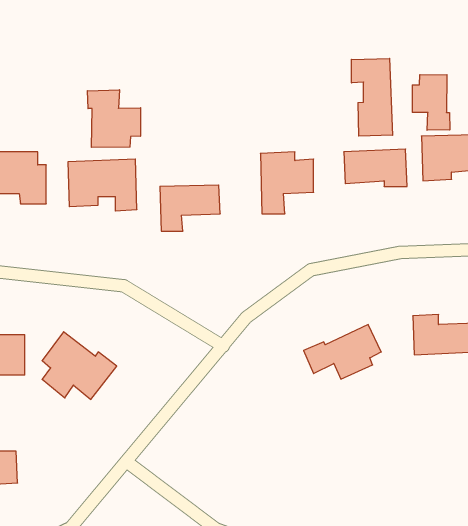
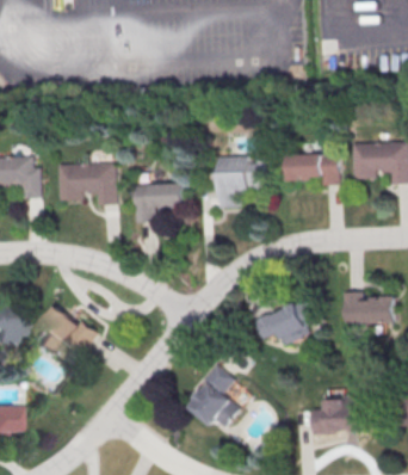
building: [351,58,393,136] -> none
building: [412,75,450,130] -> none
building: [87,90,141,147] -> none
building: none -> [188,364,240,426]
building: none -> [311,389,364,434]

